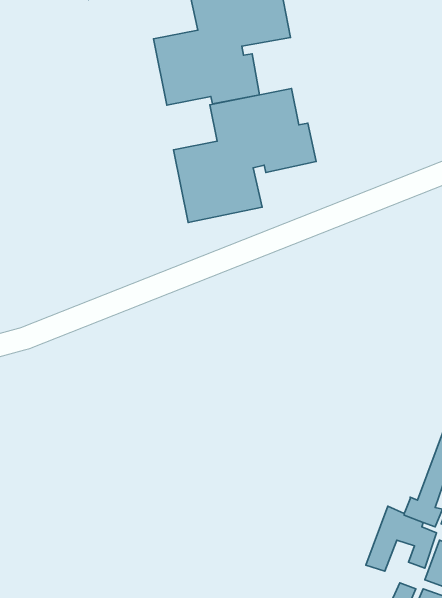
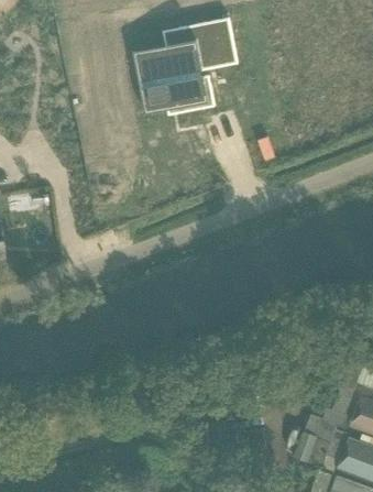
building: [174,89,316,222] -> none

